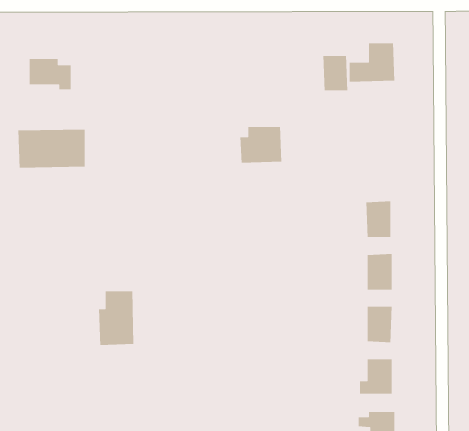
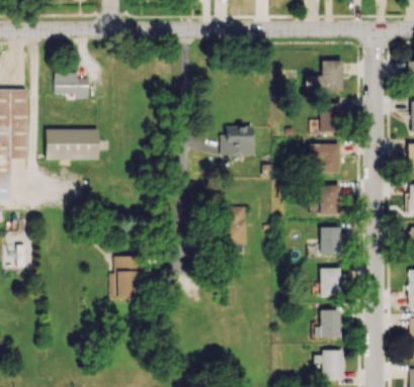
building: [323,55,348,91] -> [320,103,340,131]
building: none -> [310,143,340,173]
building: none -> [225,206,245,253]

